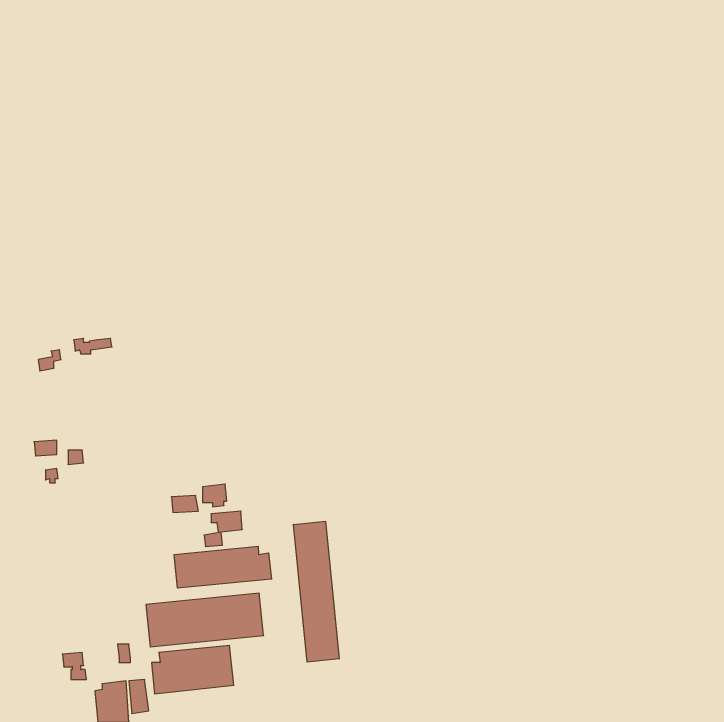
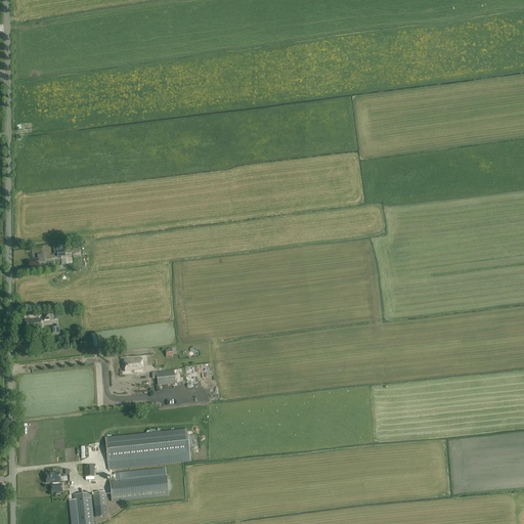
building: [293,521,339,662] -> none
building: [174,546,272,588] -> none

